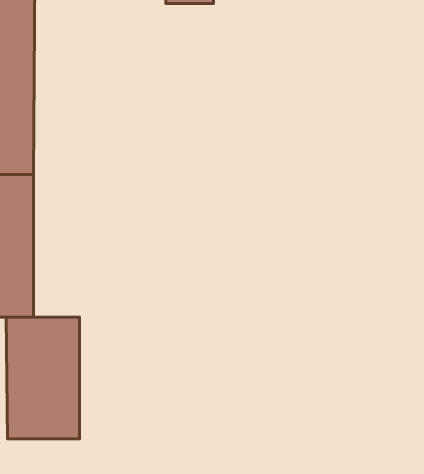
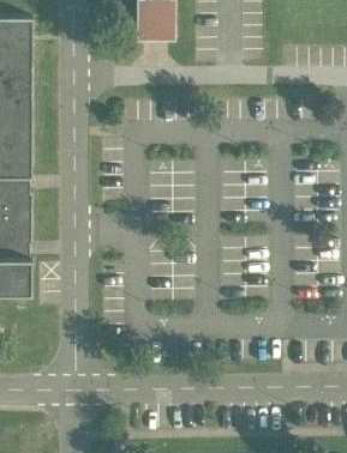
building: [6,317,79,439] -> none

